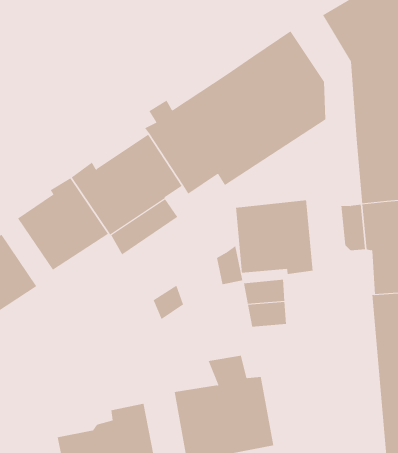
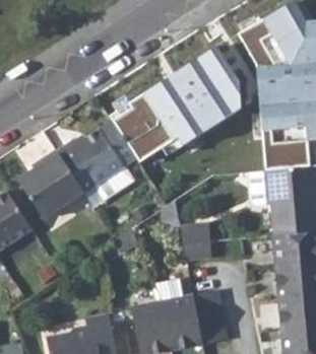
building: [236,199,313,275] -> none
building: none -> [194,288,227,343]

